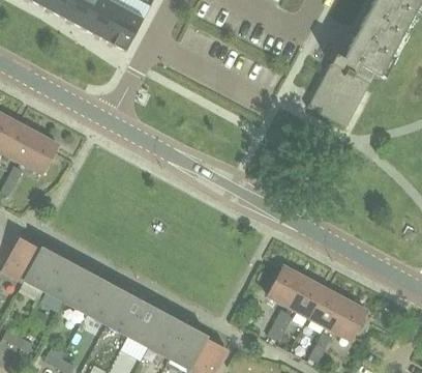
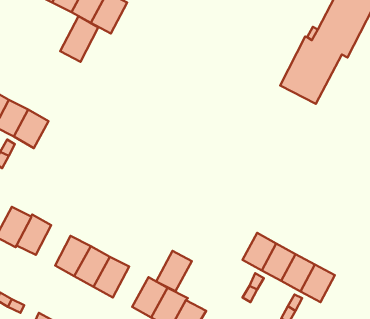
building: none -> [60,16,98,62]
building: [46,257,83,300] -> none
building: [128,302,167,345] -> [156,251,192,291]

